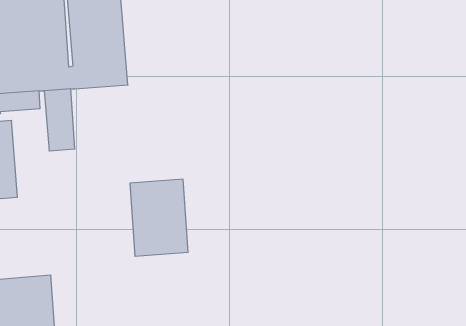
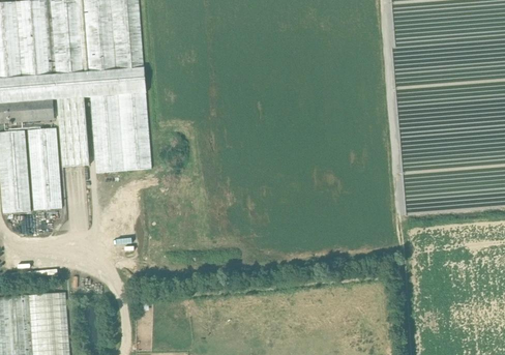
building: none -> [27,128,61,208]
building: [130,179,188,256] -> [89,92,150,173]

